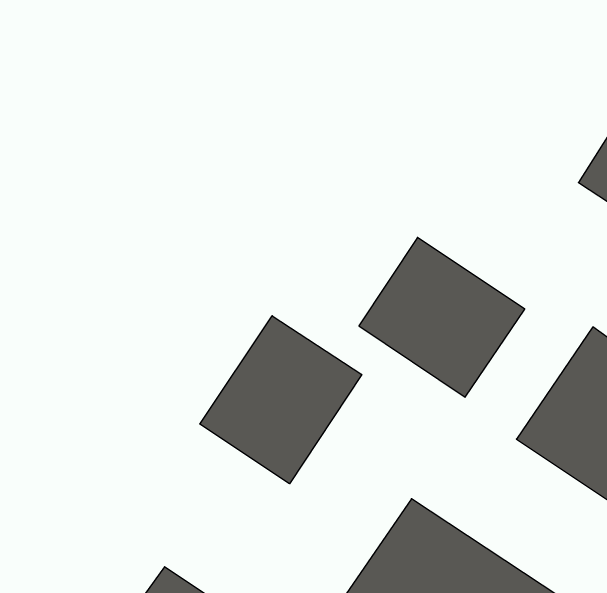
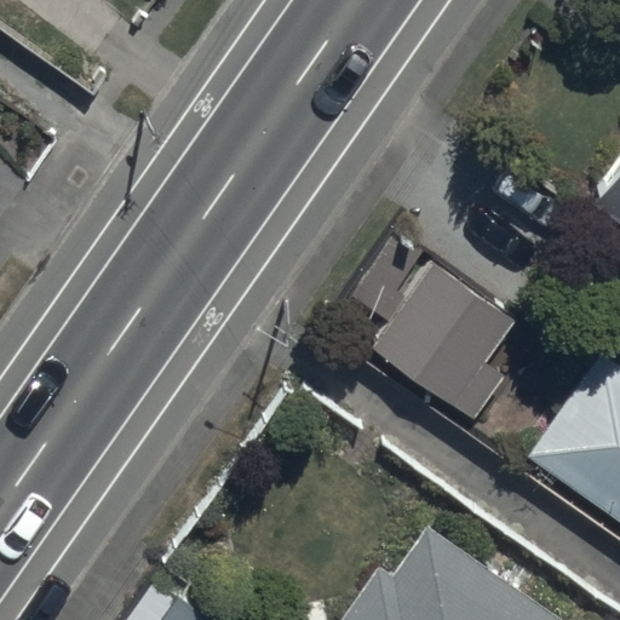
building: [200,316,362,484] -> none

